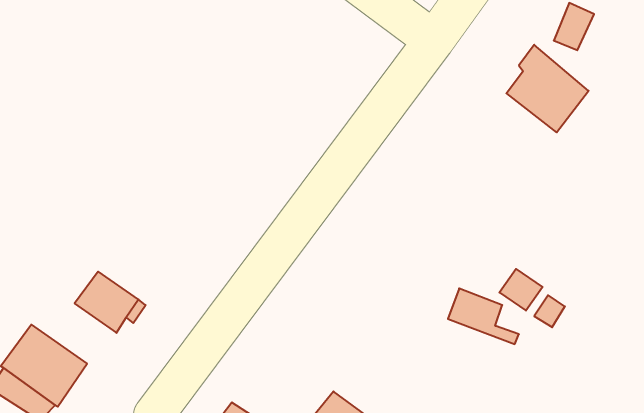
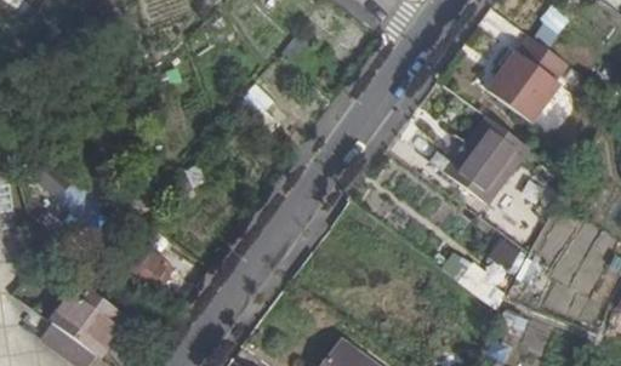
building: none -> [446,115,528,201]

